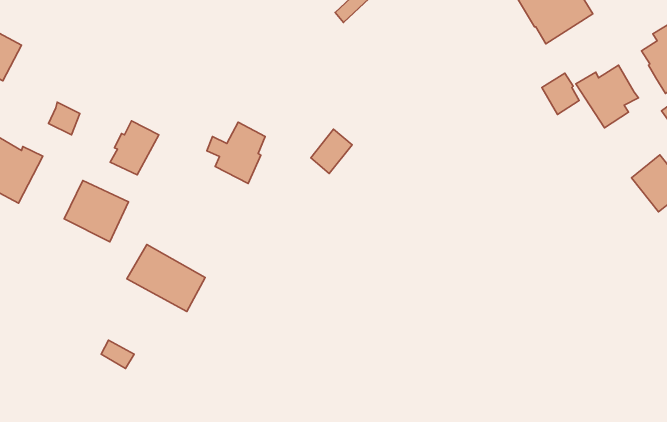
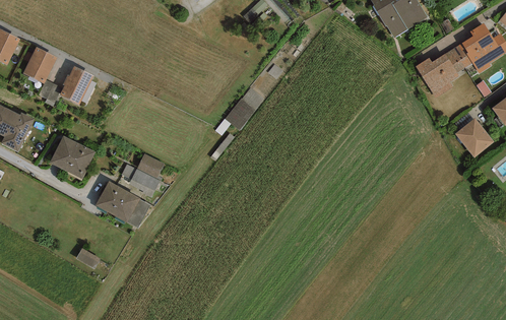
building: none -> [21,47,56,83]
building: [542,73,579,115] -> [445,43,471,72]
building: [110,121,159,175] -> [59,65,93,104]
building: [207,122,265,184] -> [122,153,164,197]

